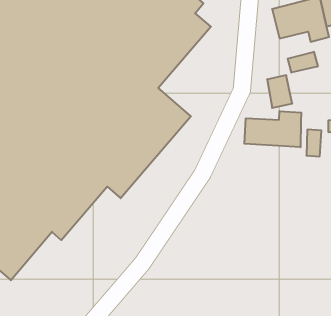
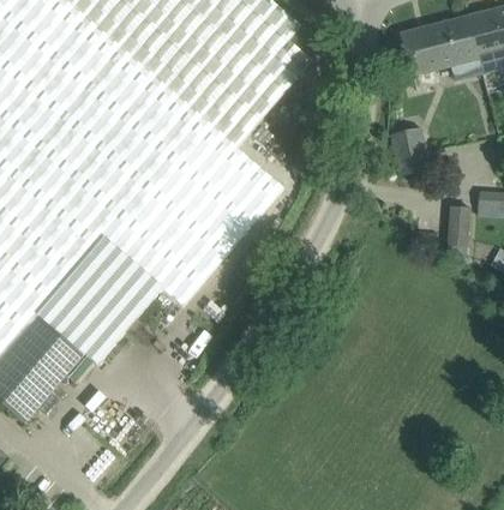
building: [288,52,318,73] -> none
building: [244,111,301,147] -> none

